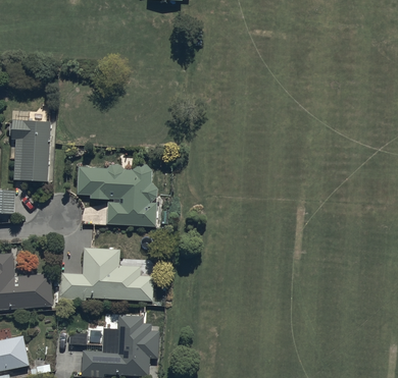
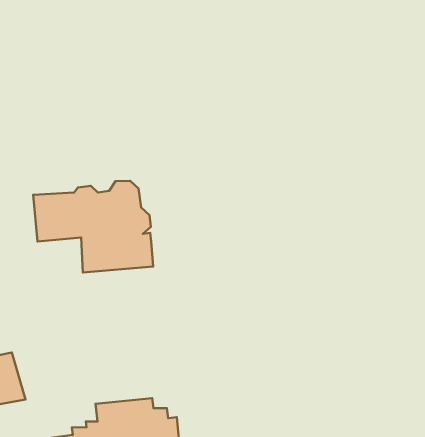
building: [53,248,152,301] -> none

